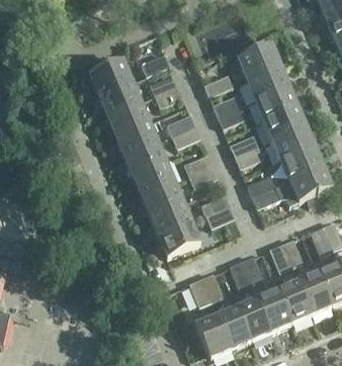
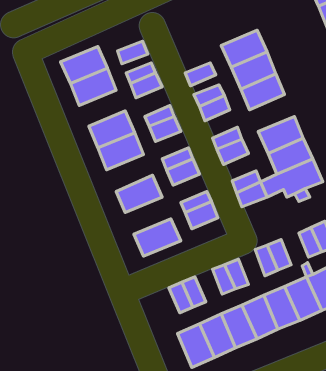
building: [105,100,148,133] -> none
building: [263,104,305,139] -> none
building: [131,160,173,194] -> none
building: [148,199,190,234] -> none

